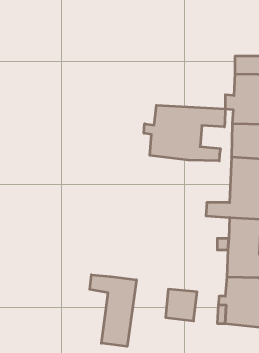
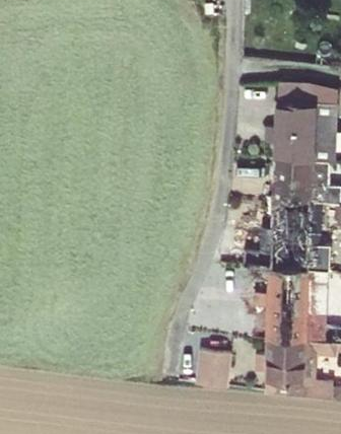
building: [144,105,225,161] -> none
building: [90,275,136,346] -> none

